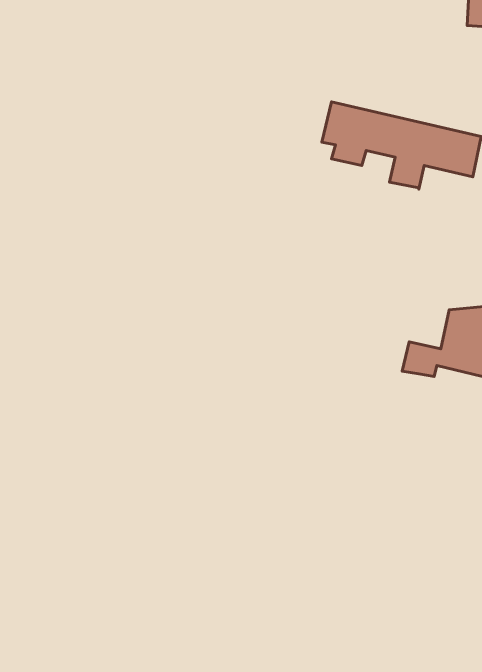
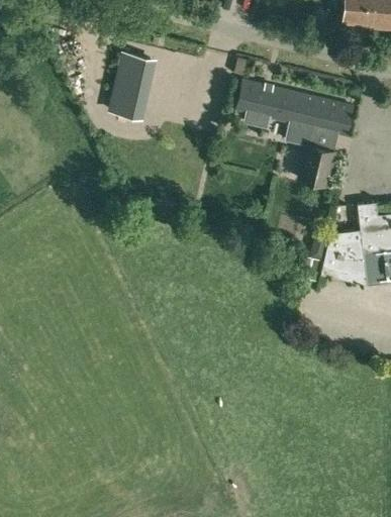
building: none -> [113,55,153,117]
building: none -> [301,144,336,186]

